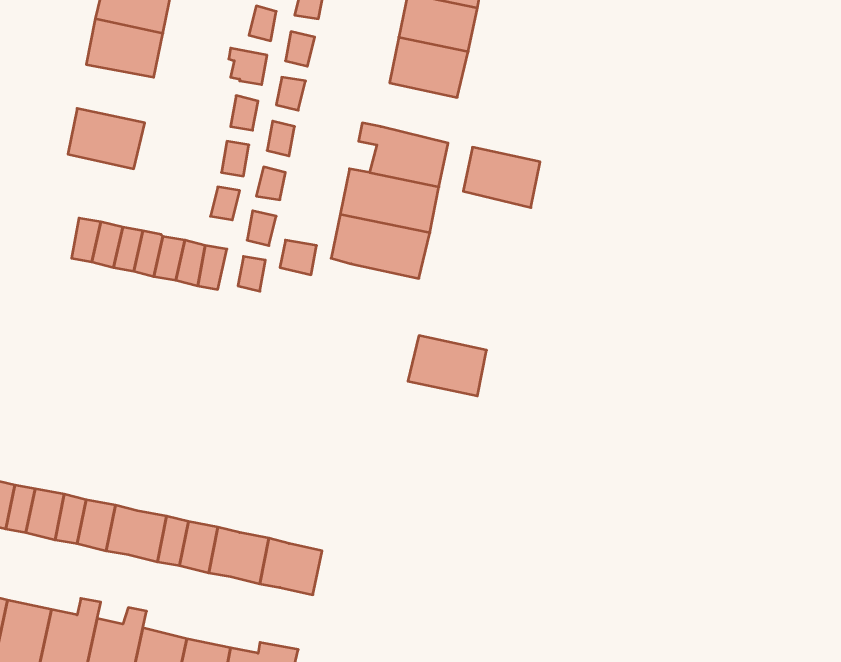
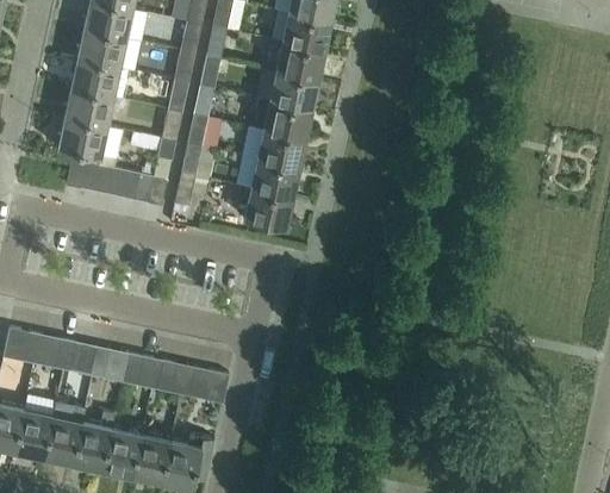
building: none -> [70,60,120,98]
building: [463,147,540,208] -> [268,71,318,111]
building: none -> [57,118,107,157]
building: [408,336,487,396] -> [242,189,293,229]

